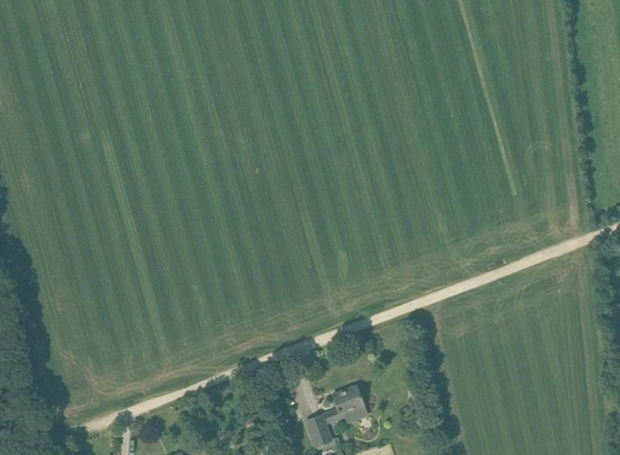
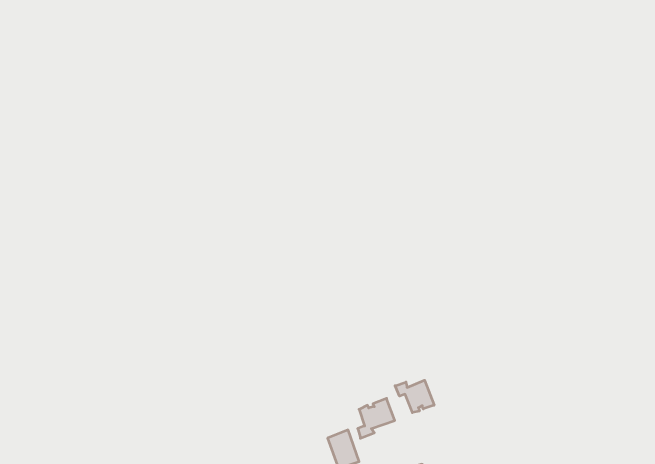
building: none -> [395,380,434,413]

